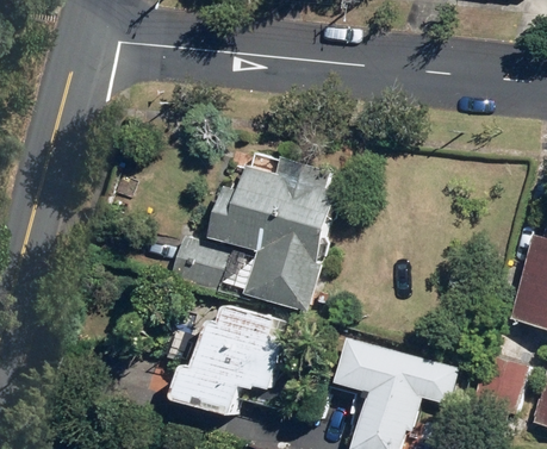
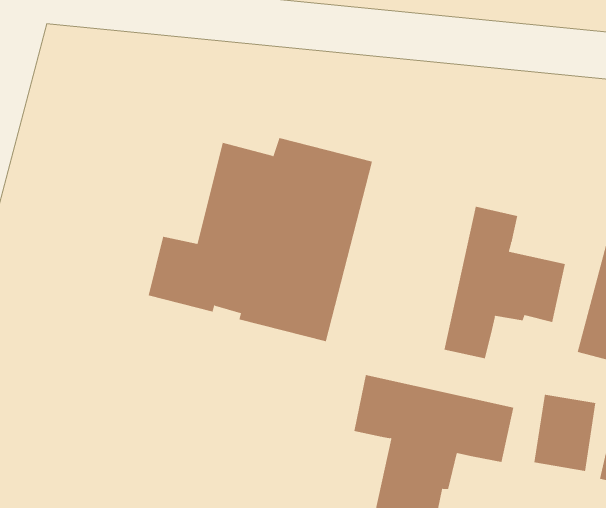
building: none -> [444,206,566,359]
building: [172,305,285,414] -> none

